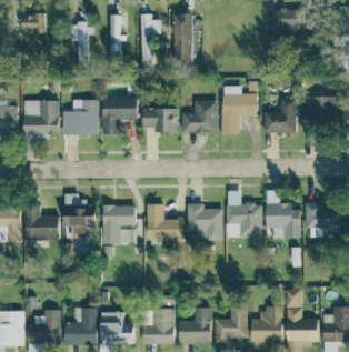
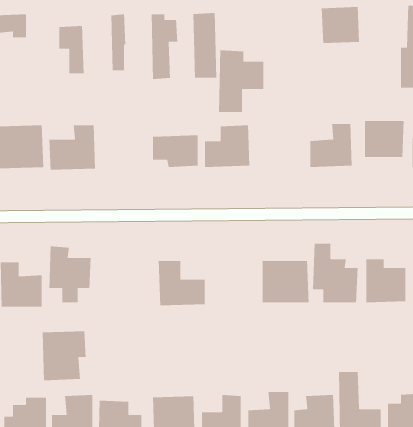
building: [221,86,257,134] -> [218,49,264,113]
building: [102,98,137,135] -> none
building: [188,203,223,241] -> none
building: [102,205,137,244] -> [42,331,87,381]

